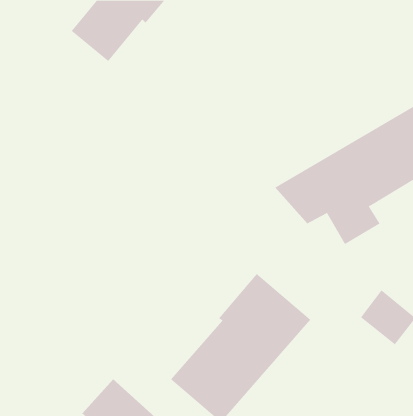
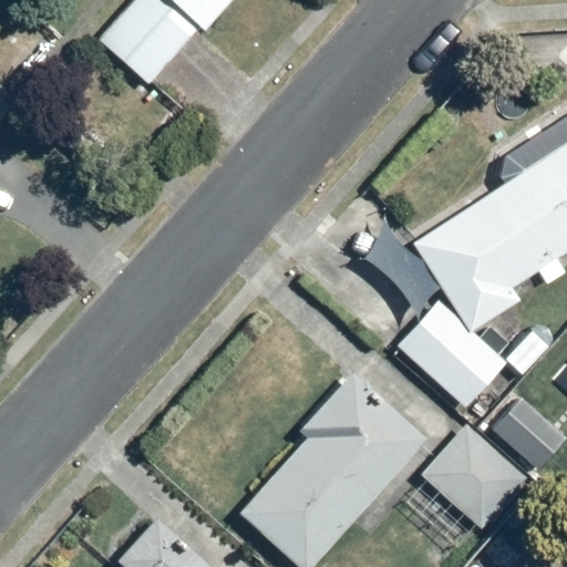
building: none -> [396,306,503,411]
building: none -> [425,425,526,527]

